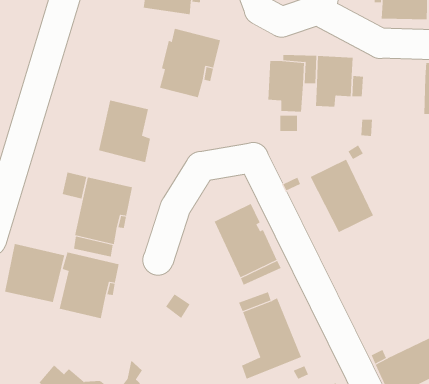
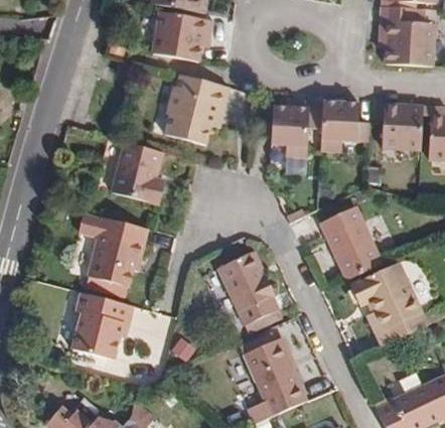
building: none -> [384,105,425,150]
building: none -> [349,261,427,344]
building: [5,243,65,303] -> none

